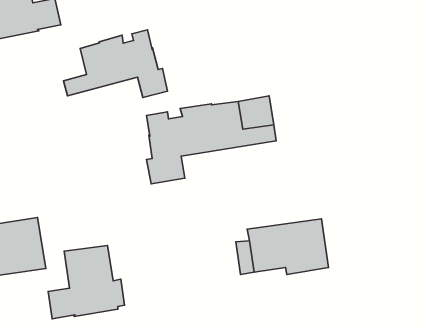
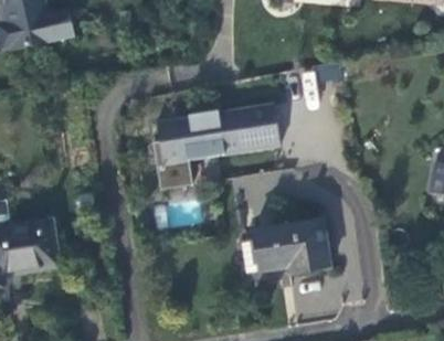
building: [64,30,168,98] -> none
building: [48,245,125,319] -> none

